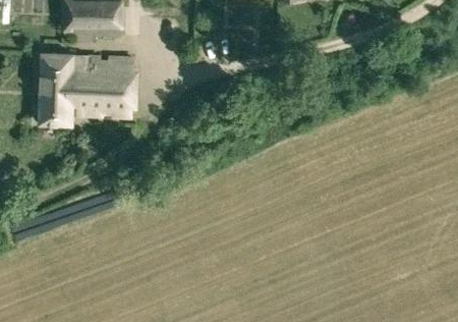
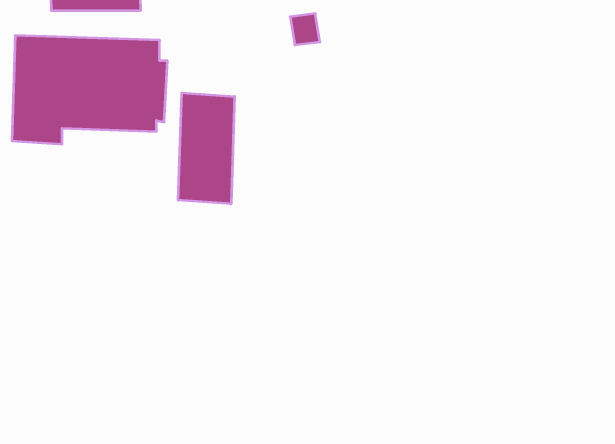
building: none -> [178,93,235,204]

